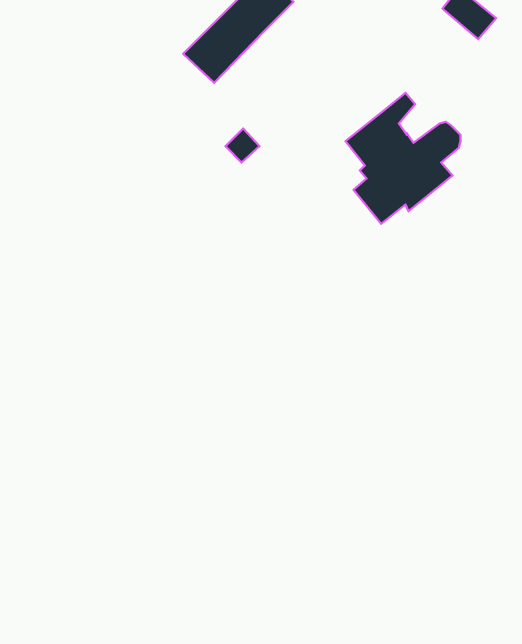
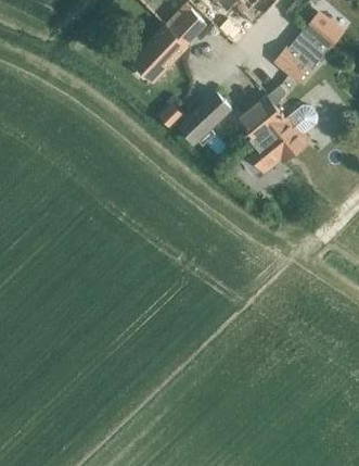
building: none -> [277,29,329,79]
building: none -> [180,91,231,141]

